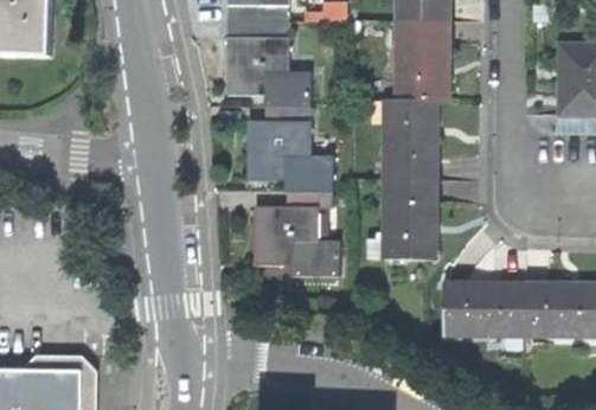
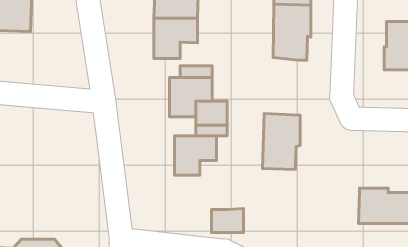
building: [262,71,308,105] -> none
building: [383,94,436,177] -> none
building: [290,241,337,275] -> [211,209,243,232]
building: [440,283,520,334] -> none

